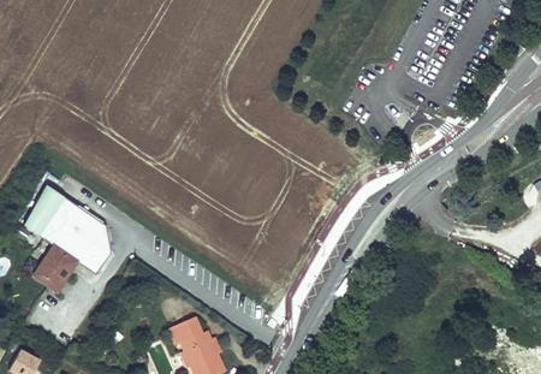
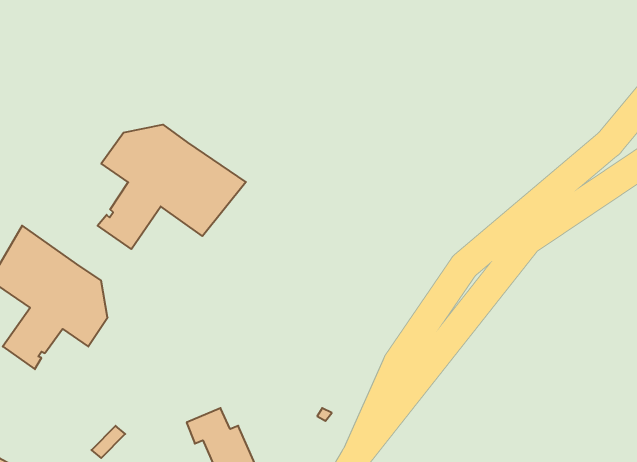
building: none -> [98,125,246,249]

